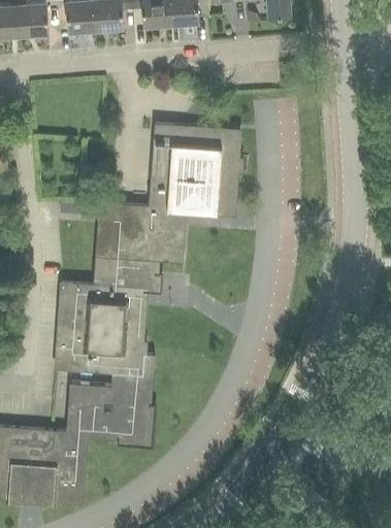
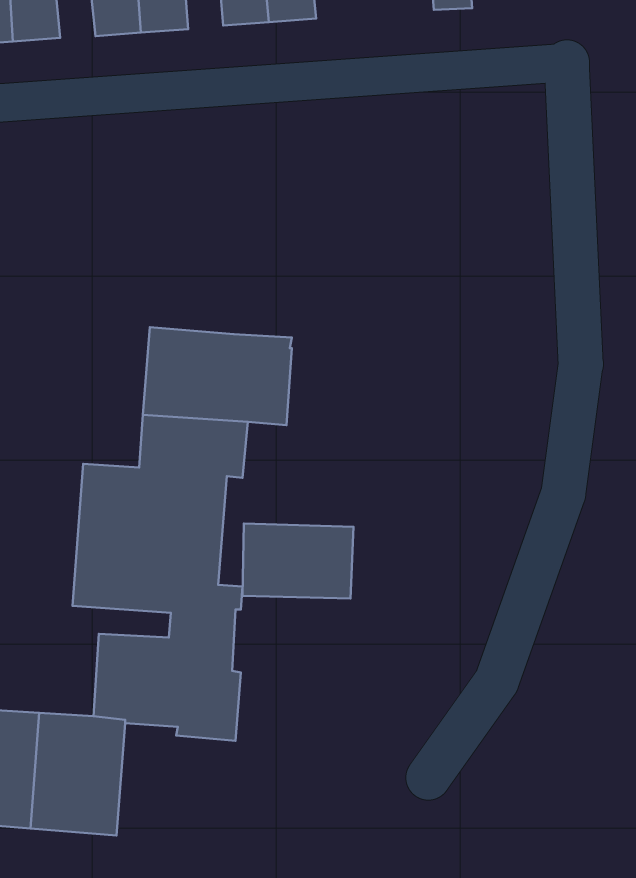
building: [150,124,238,214] -> none
building: none -> [242,524,354,599]

